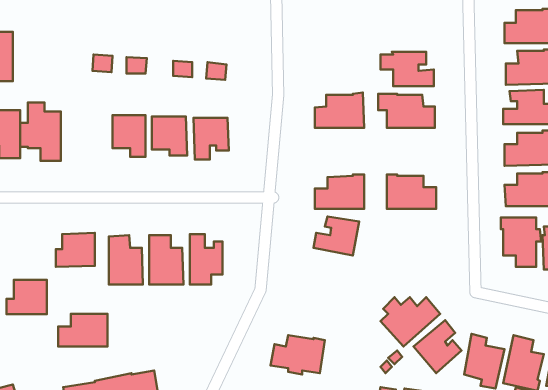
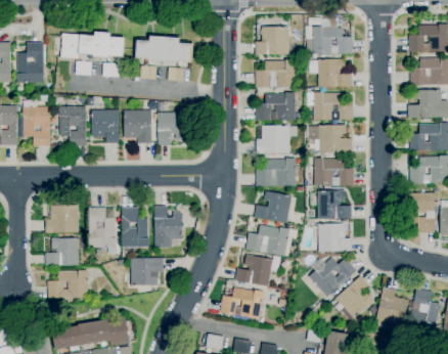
building: none -> [255,26,288,54]
building: none -> [312,26,353,54]
building: none -> [61,32,124,58]
building: none -> [135,36,191,61]
building: none -> [17,42,44,82]
building: none -> [255,59,296,87]
building: none -> [59,101,86,145]
building: none -> [310,124,352,152]
building: none -> [257,125,298,153]
building: none -> [318,190,352,218]
building: none -> [318,223,352,251]
building: none -> [245,224,289,256]
building: [6,280,47,314] -> [46,237,79,265]
building: none -> [235,254,273,286]
building: none -> [131,258,164,285]

